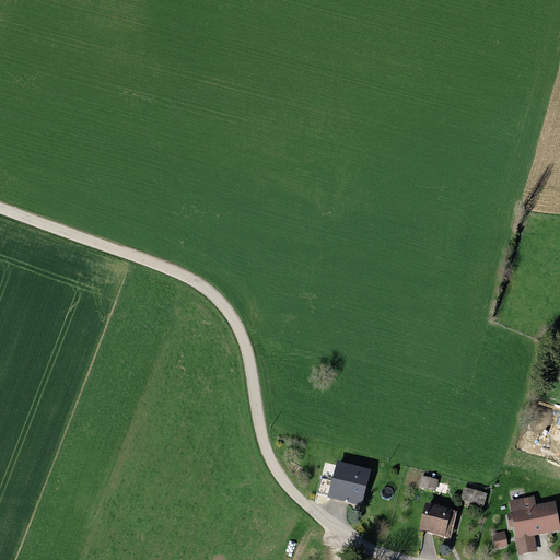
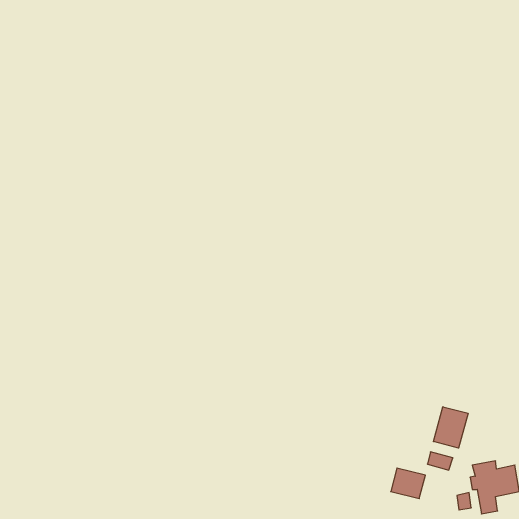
building: none -> [433,407,468,448]
building: [328,463,370,505] -> none

